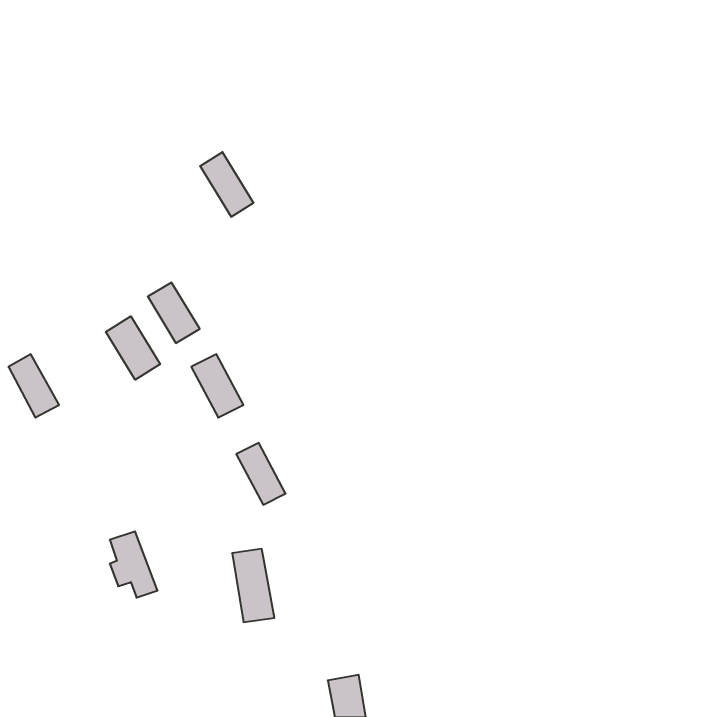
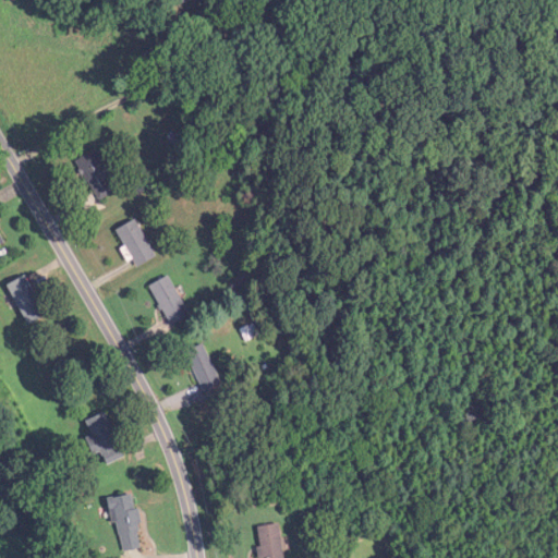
building: [200,152,254,217] -> [75,149,117,199]
building: [106,316,160,380] -> none
building: [232,549,274,622] -> [110,494,143,550]

